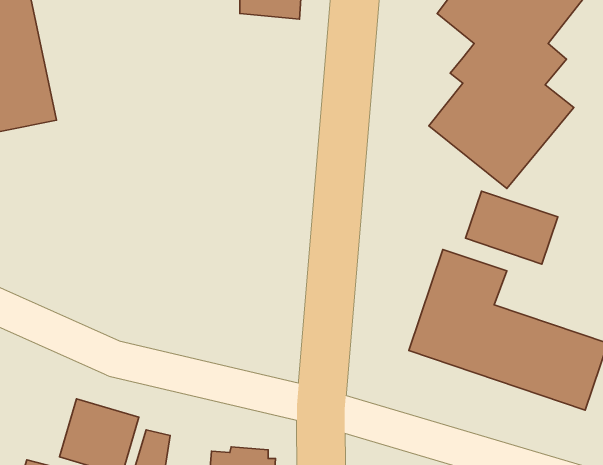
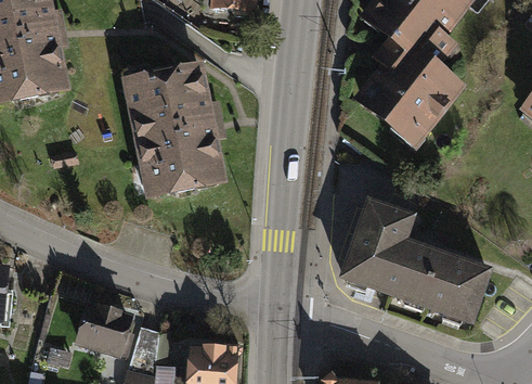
building: none -> [122,64,229,200]
building: [465,191,558,264] -> none

